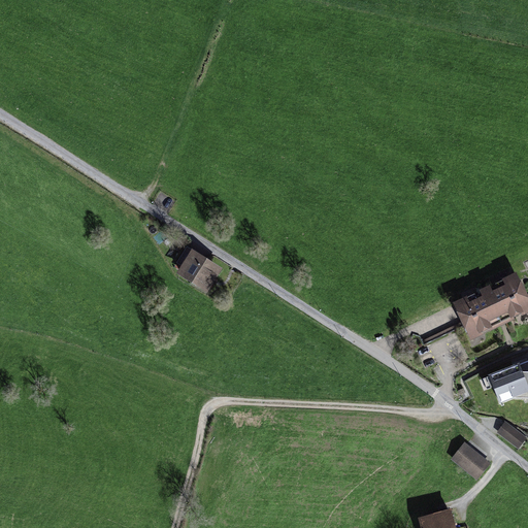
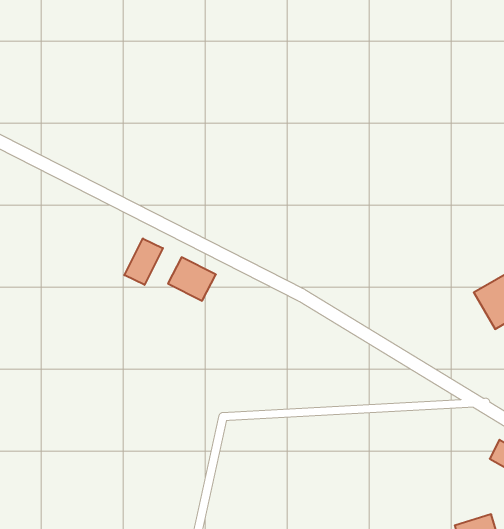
building: none -> [124,238,163,285]

